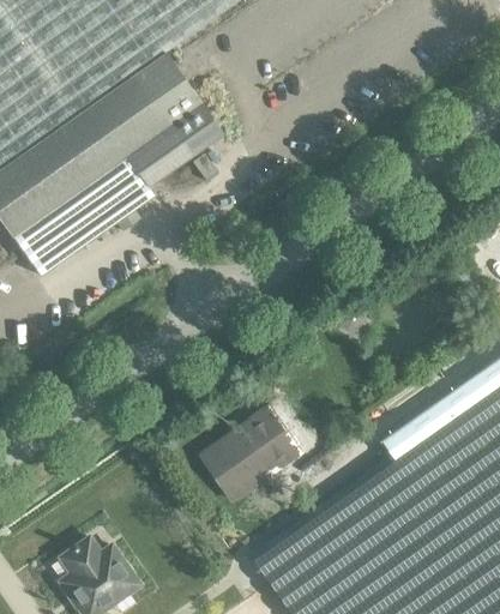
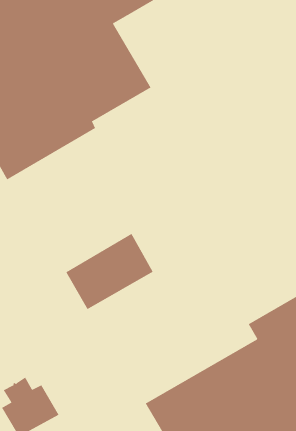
building: [194,393,312,501] -> [66,233,153,310]

